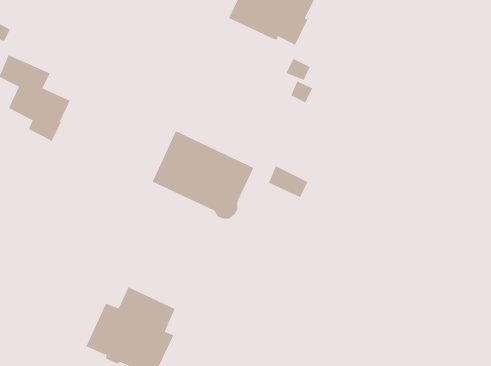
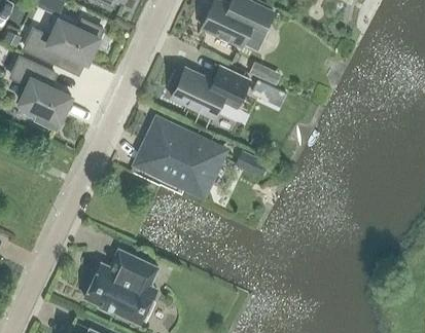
building: none -> [24,20,103,65]
building: none -> [171,66,249,118]

